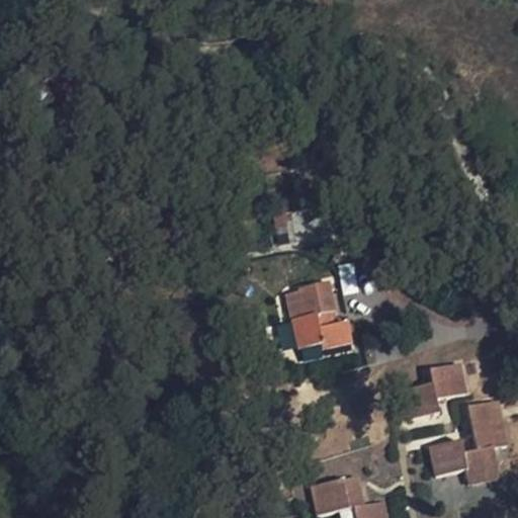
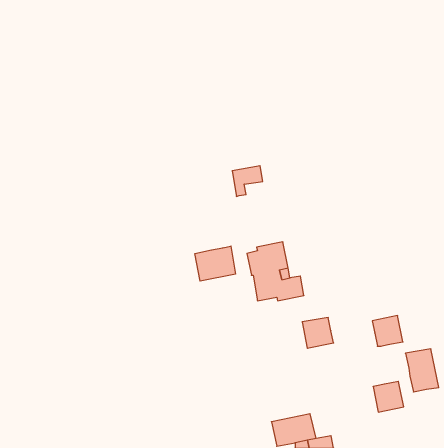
building: none -> [195,246,235,281]
building: [403,384,439,420] -> [302,318,334,348]
building: [463,449,499,485] -> none

